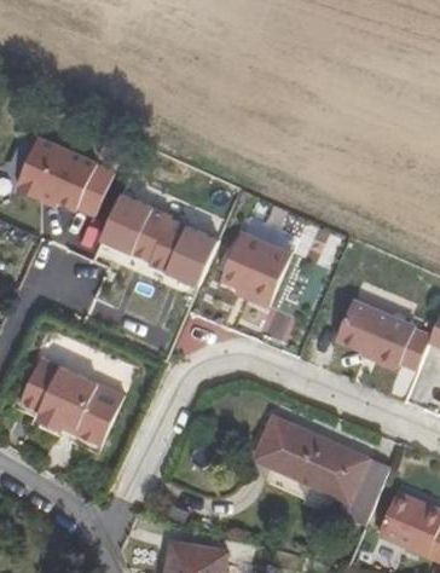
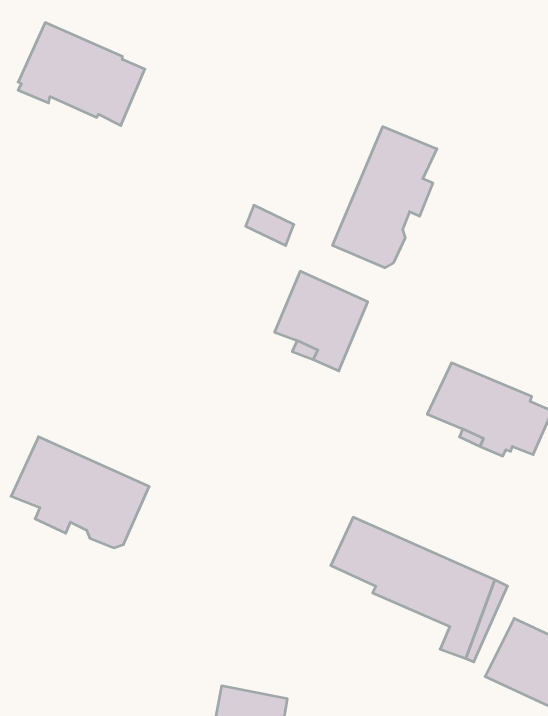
building: none -> [333,127,437,268]
building: [18,139,114,216] -> [18,23,145,126]
building: [98,192,214,283] -> none

